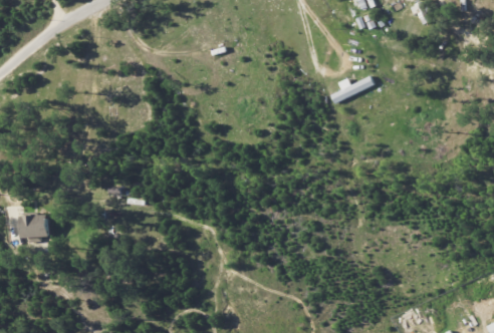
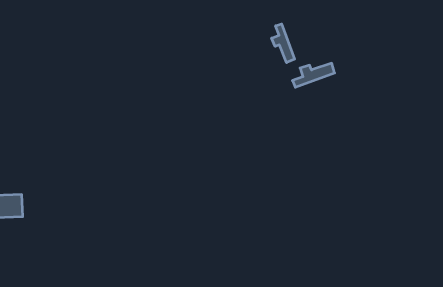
building: none -> [272,24,295,63]

